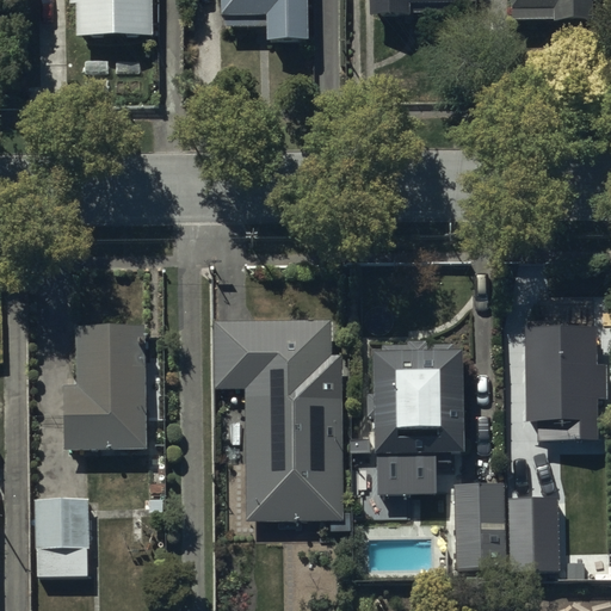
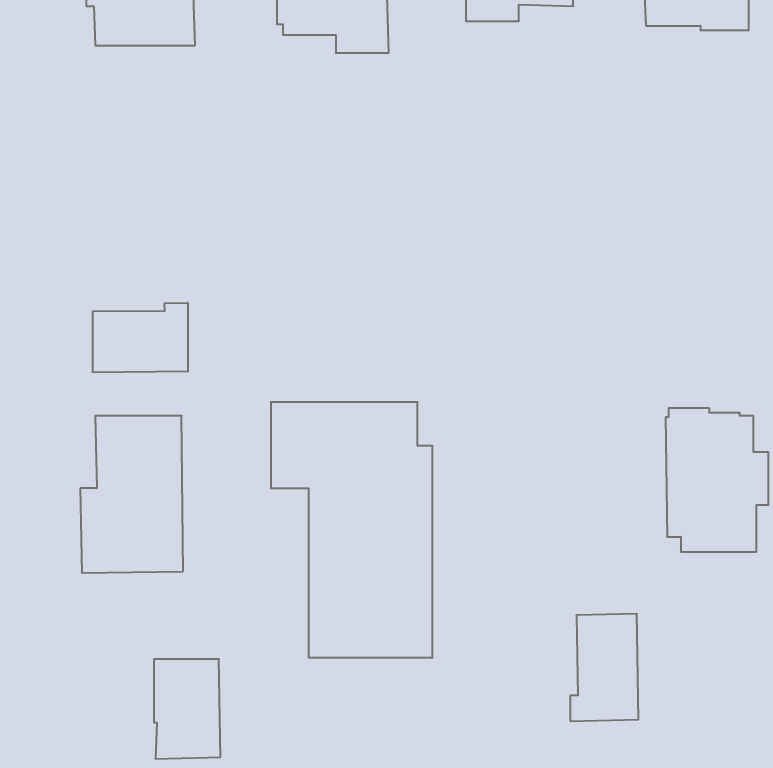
building: none -> [93,303,188,372]
building: [366,341,462,493] -> none
building: [508,494,562,568] -> none
building: [35,499,87,578] -> [154,659,220,759]

